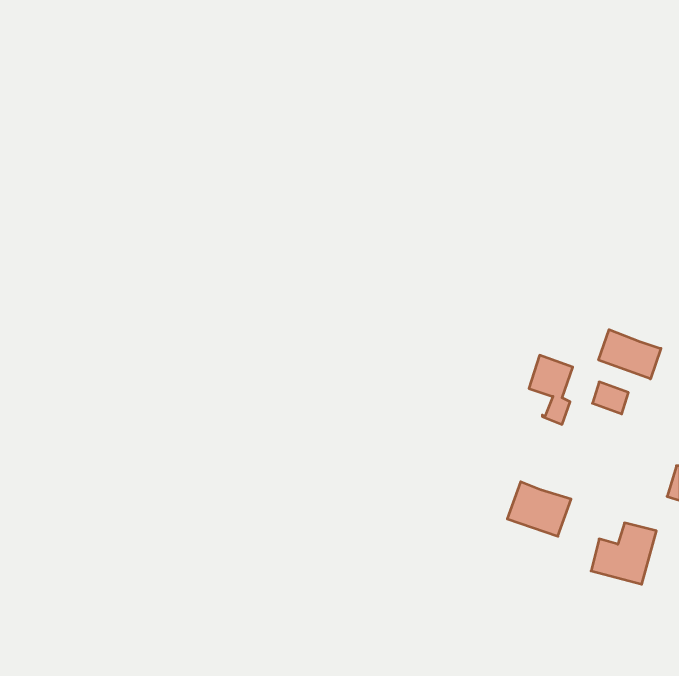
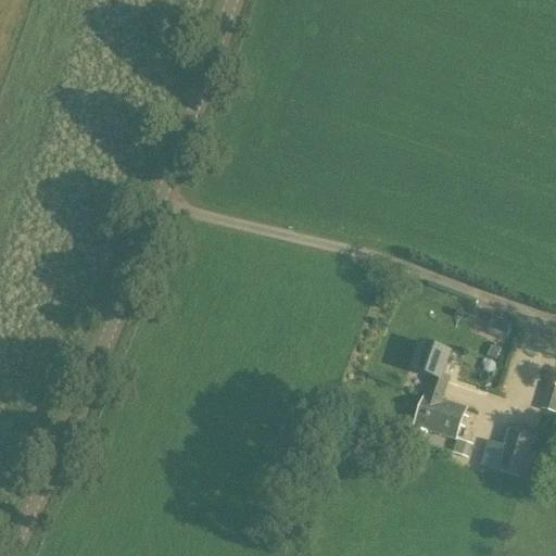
building: [599,330,661,379] -> none
building: [529,355,573,424] -> [415,343,451,400]

